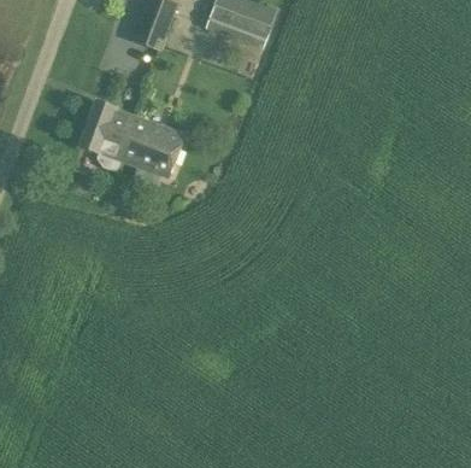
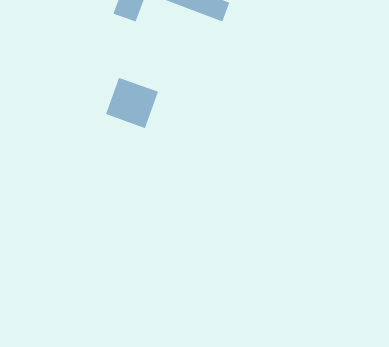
building: [83,100,140,174] -> none

